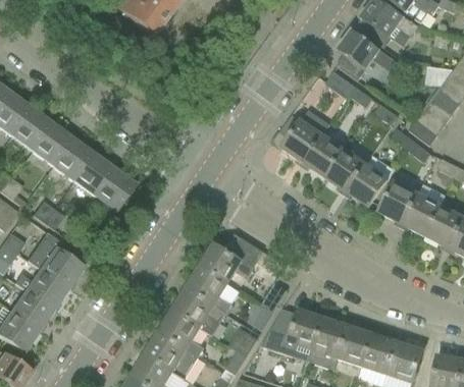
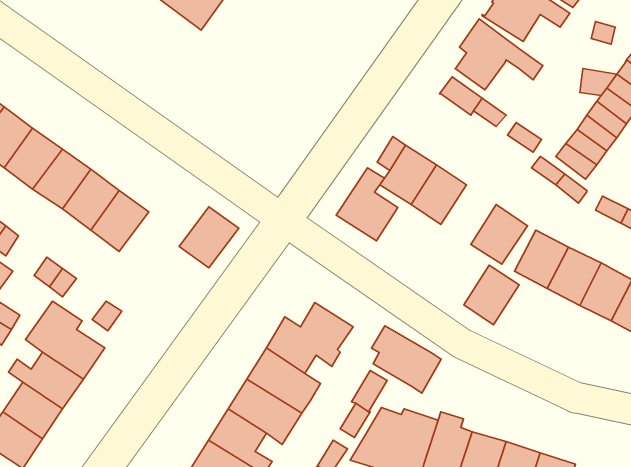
building: none -> [336,168,398,241]
building: [325,149,365,191] -> [464,265,519,325]
building: [94,168,137,212] -> [179,207,239,268]
building: none -> [372,326,441,393]

